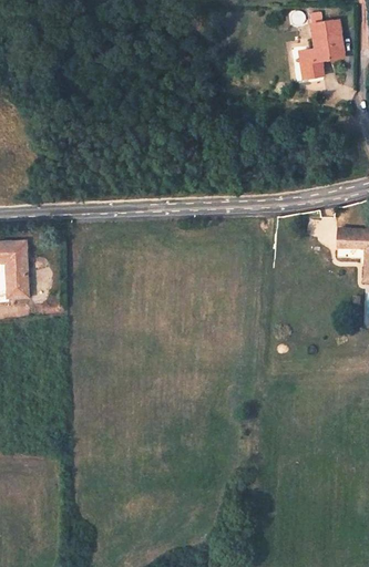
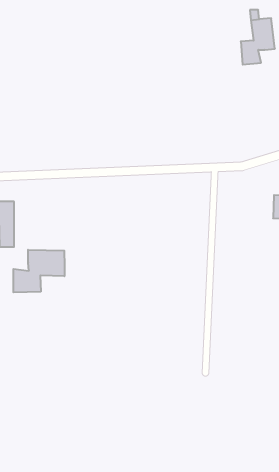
building: none -> [13,250,65,292]

